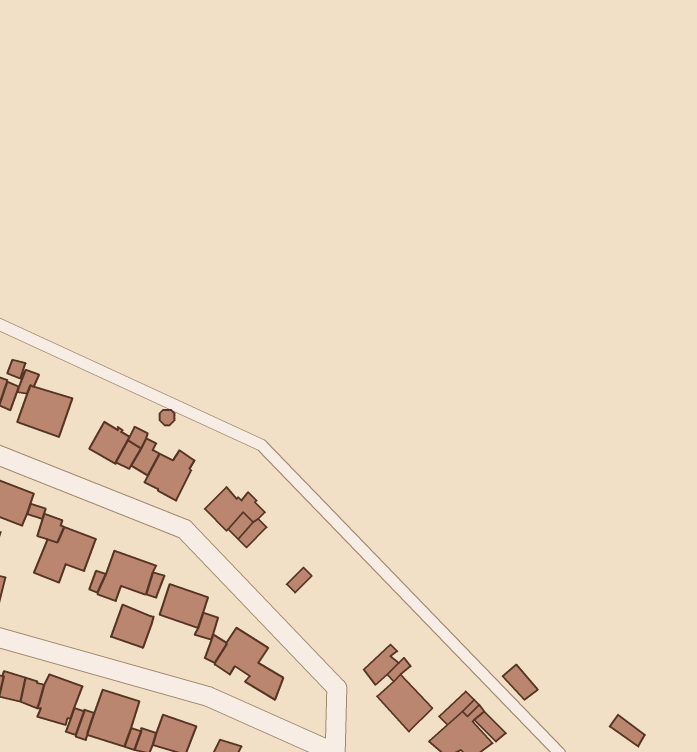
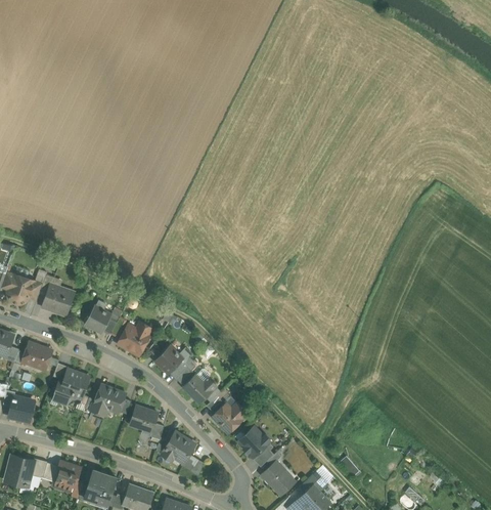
building: none -> [183,369,217,401]
building: none -> [212,402,248,432]
building: [111,605,154,648] -> none
building: none -> [239,426,270,458]

